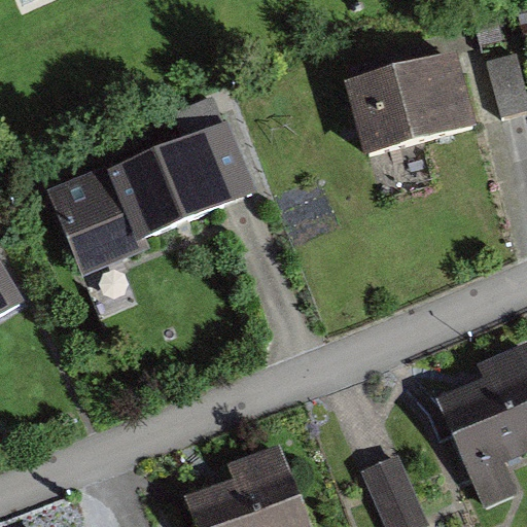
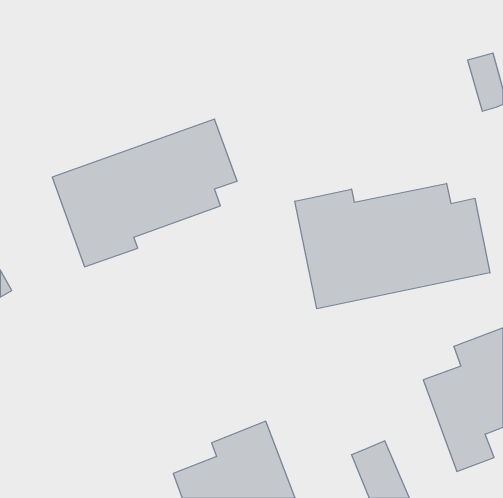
building: [340,57,469,155] -> none
building: none -> [295,183,490,309]

